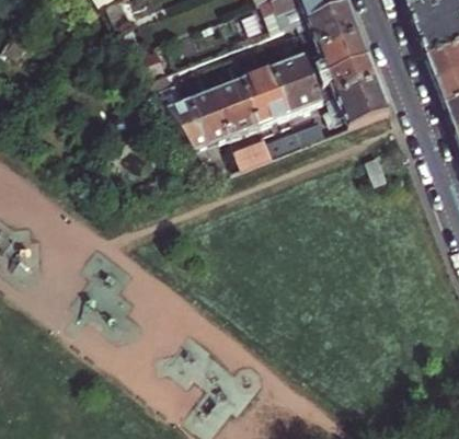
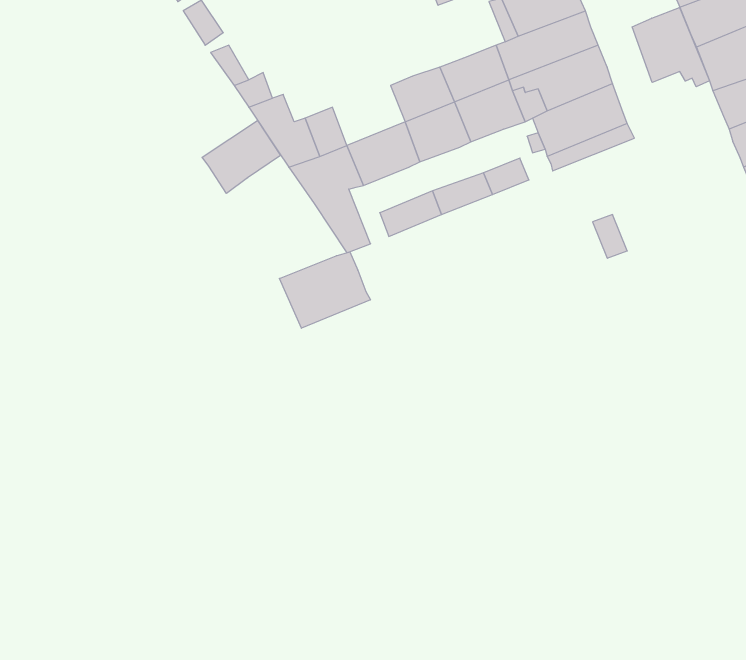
building: none -> [632,7,709,87]
building: [208,77,252,113] -> none
building: none -> [202,120,280,193]
building: none -> [279,252,370,328]

